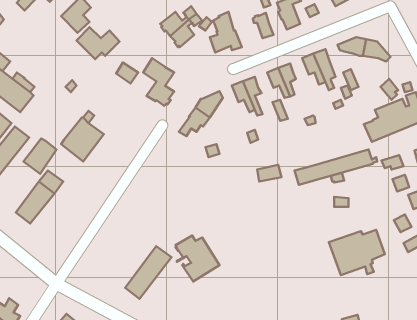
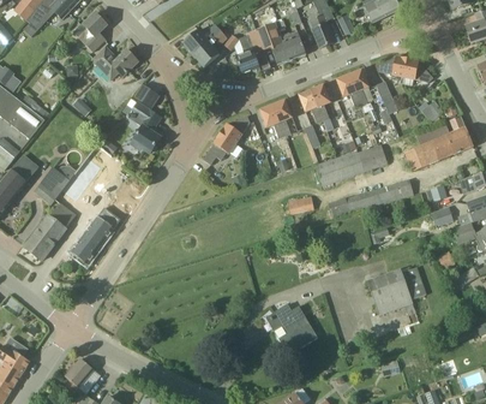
building: none -> [257,22,294,64]
building: [143,58,174,106] -> [127,101,161,153]
building: none -> [316,144,388,186]
building: [176,235,220,282] -> [270,304,318,355]
building: [125,246,172,299] -> [71,207,121,265]

